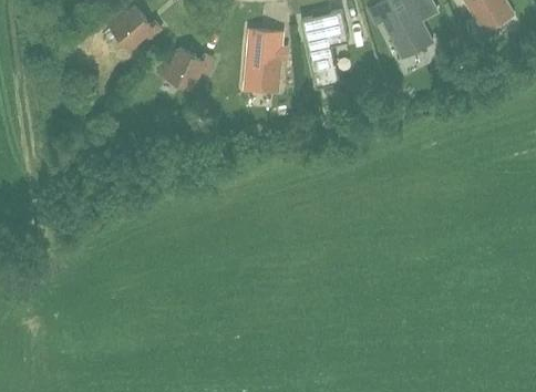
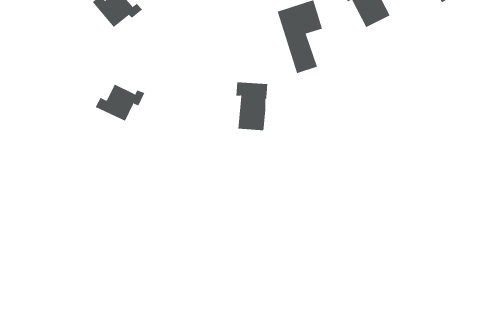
building: [246,30,281,83] -> [235,82,268,131]
building: [156,49,210,90] -> [95,84,145,122]

